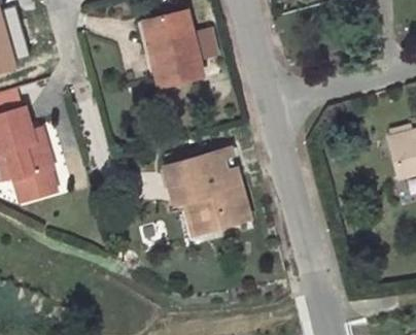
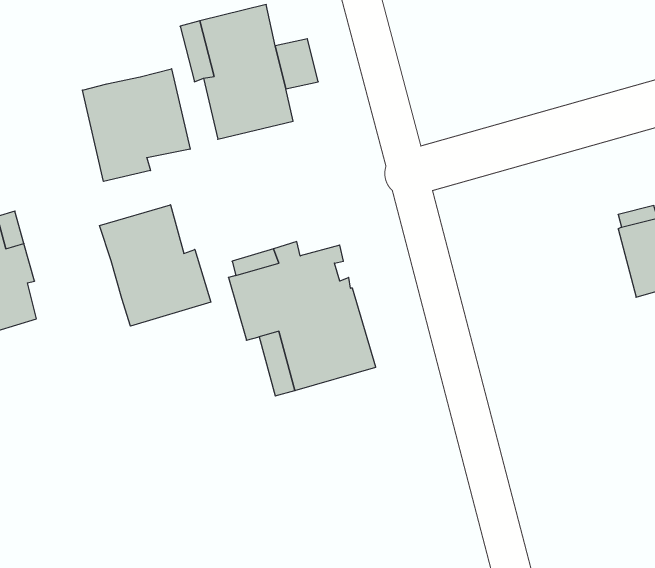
building: none -> [82,69,190,181]
building: none -> [100,205,211,326]

